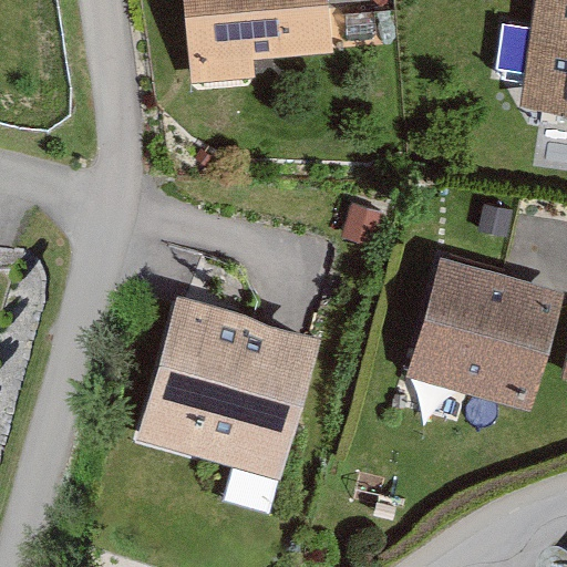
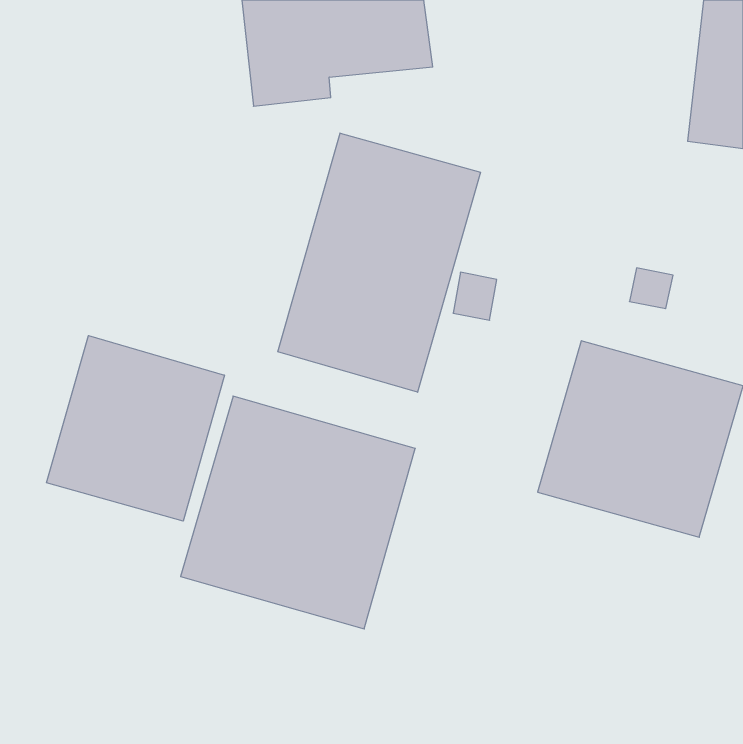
building: none -> [278,133,480,392]
building: none -> [46,336,224,521]

